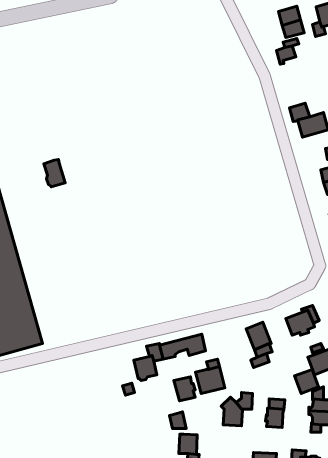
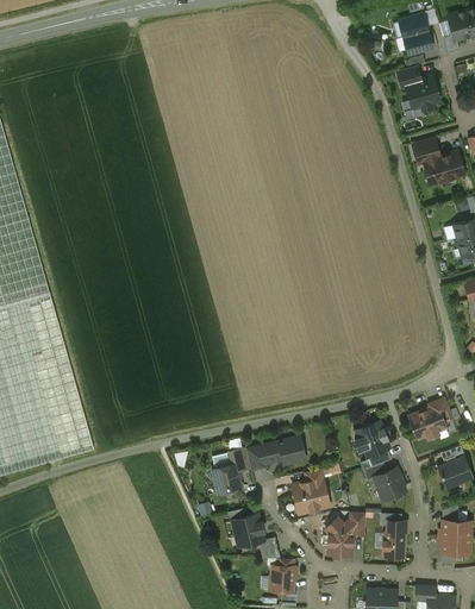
building: none -> [405,76,439,111]
building: [44,159,65,187] -> none
building: [295,369,319,393] -> [374,469,405,500]
building: [174,377,195,401] -> [236,514,263,545]

